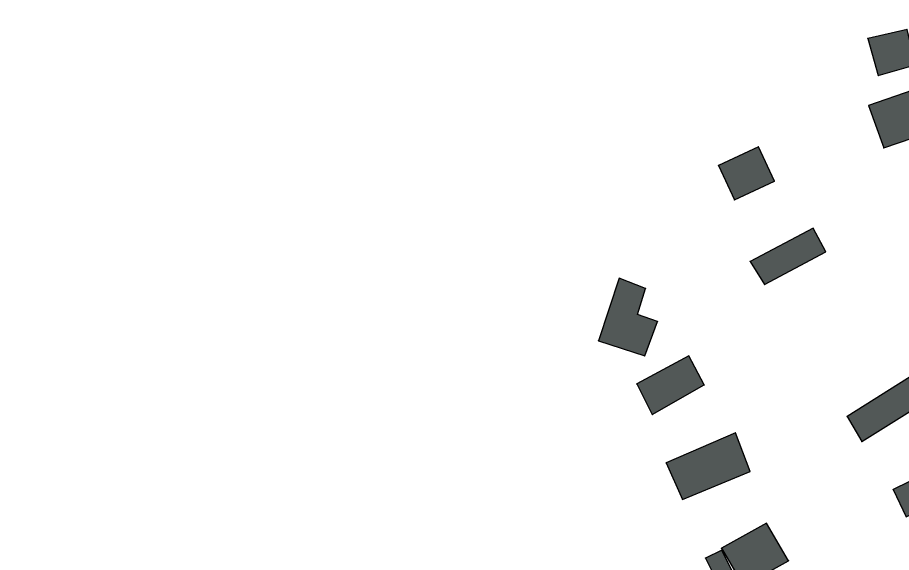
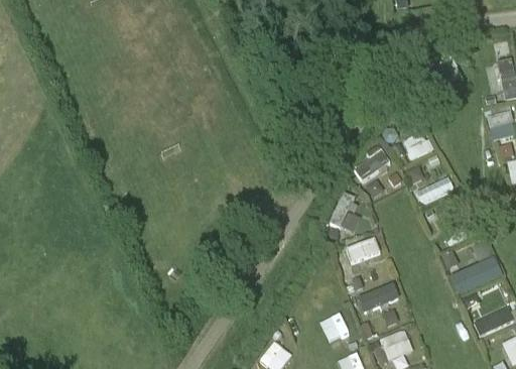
building: none -> [353,146,391,182]

